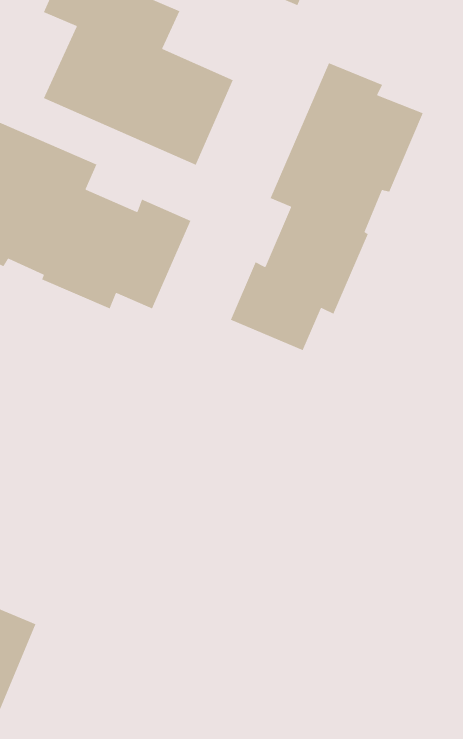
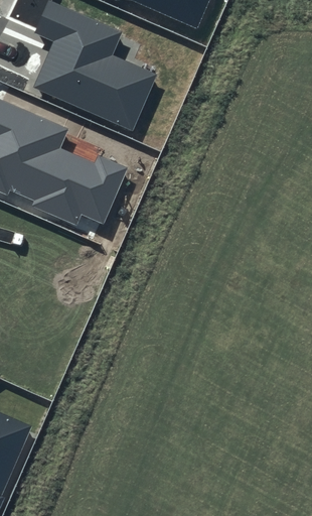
building: [230,62,424,351] -> none

